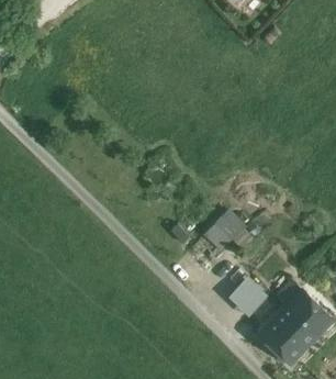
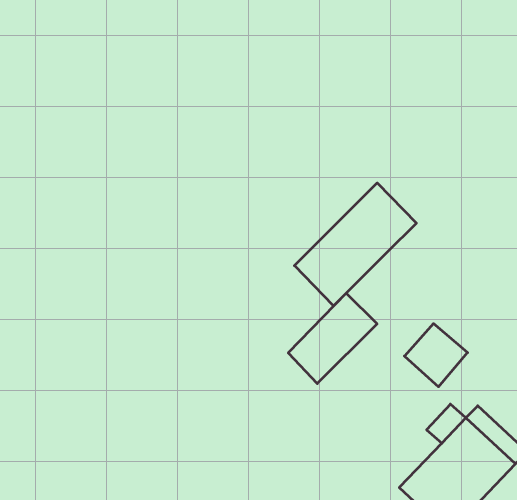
building: none -> [294,183,416,306]
building: [227,275,268,315] -> [404,324,468,387]

